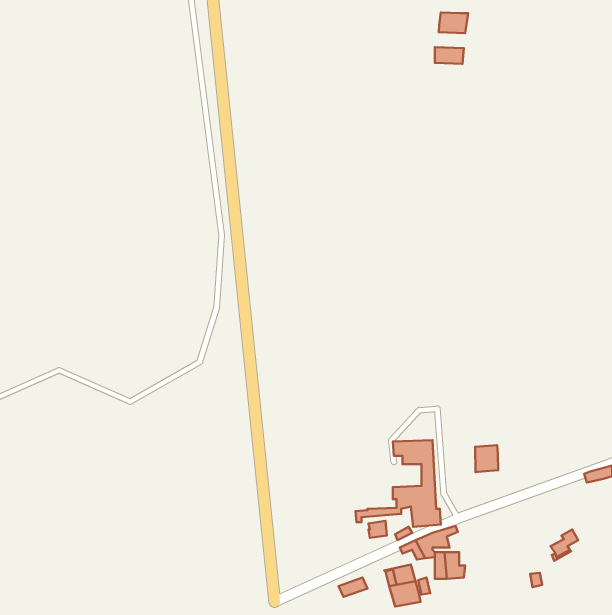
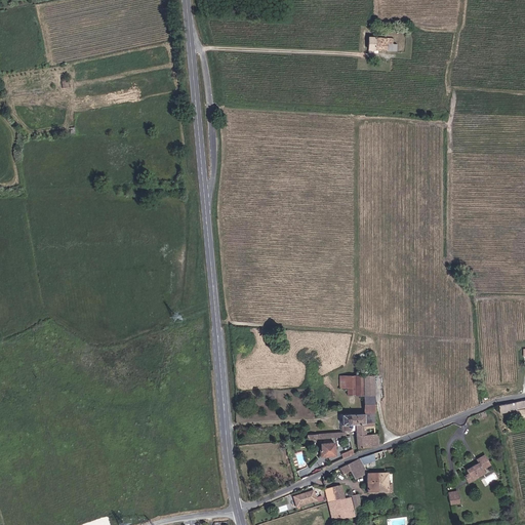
building: [439,12,468,33] -> none
building: [475,445,498,472] -> none

